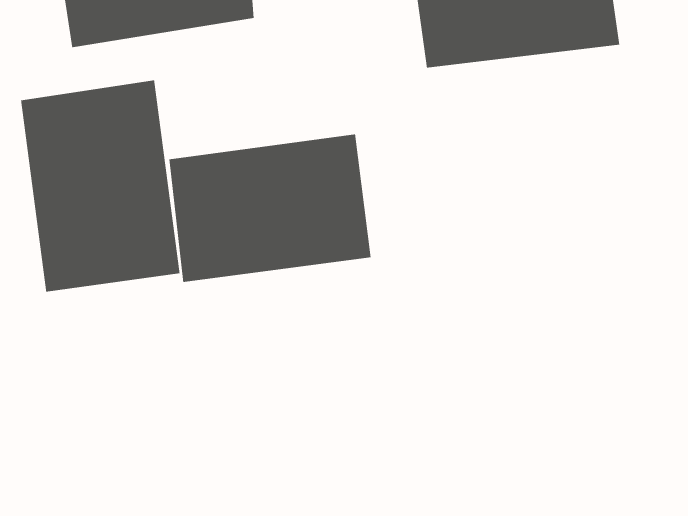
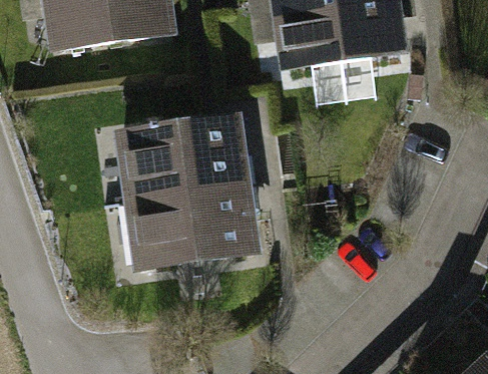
building: [21,80,180,292] -> none
building: none -> [127,189,258,273]

